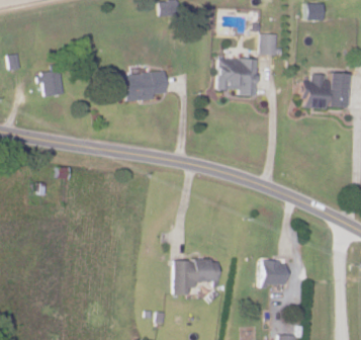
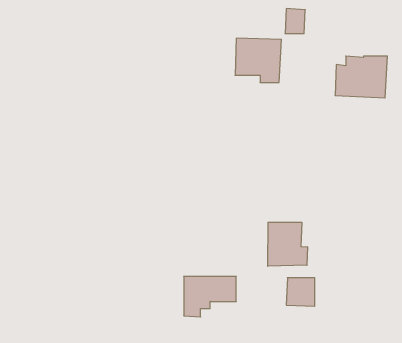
building: [41,70,64,95] -> none
building: [116,72,167,100] -> none
building: none -> [268,222,307,266]

